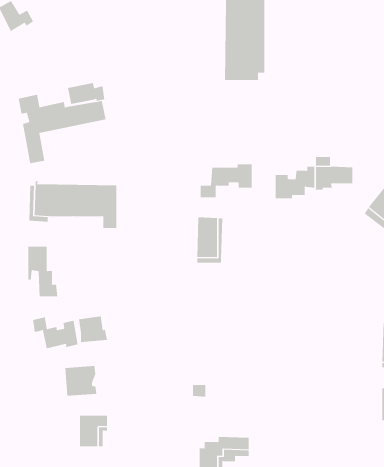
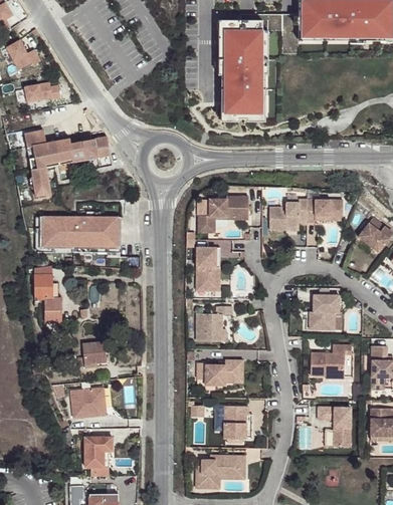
building: [67,82,105,105] -> [25,81,61,102]
building: none -> [312,293,339,329]
building: none -> [196,305,232,342]
building: [32,317,78,349] -> none
building: none -> [310,345,351,376]
building: none -> [196,359,238,385]
building: none -> [223,406,248,439]
building: none -> [319,408,352,447]

